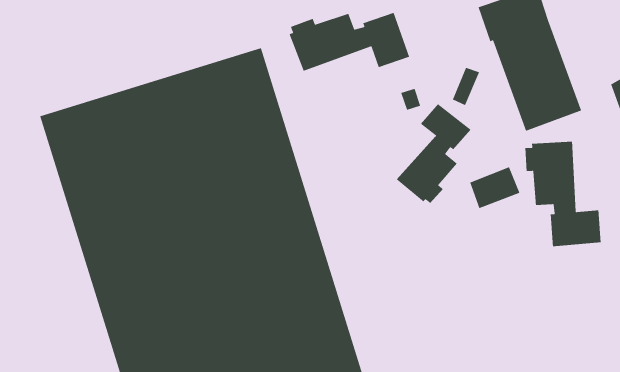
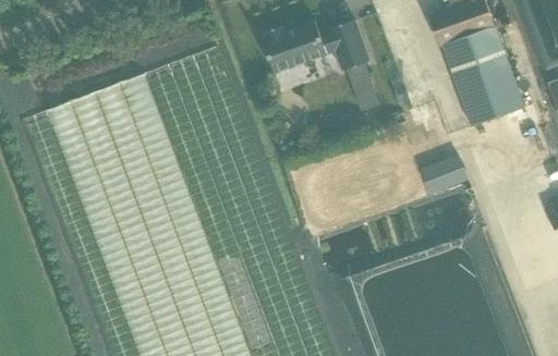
building: [396,103,471,204] -> none
building: [525,141,602,247] -> none

